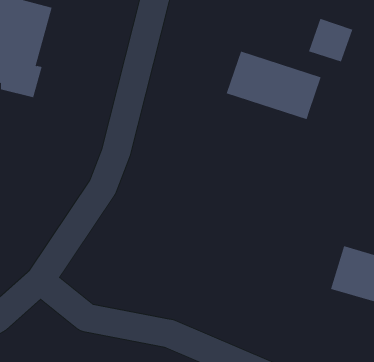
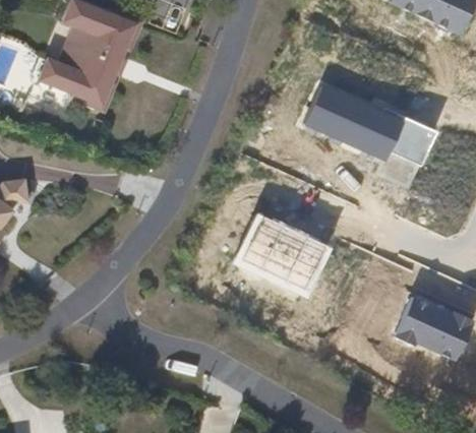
building: [308,18,353,62] -> [389,119,436,166]
building: none -> [238,214,333,295]

